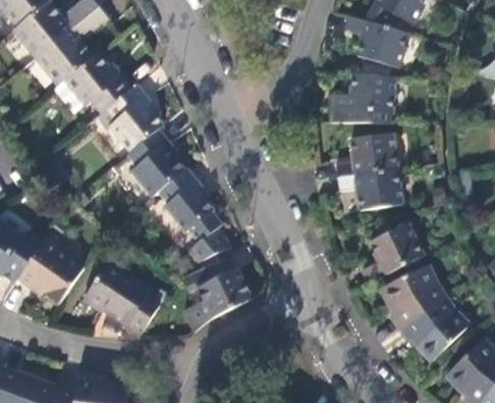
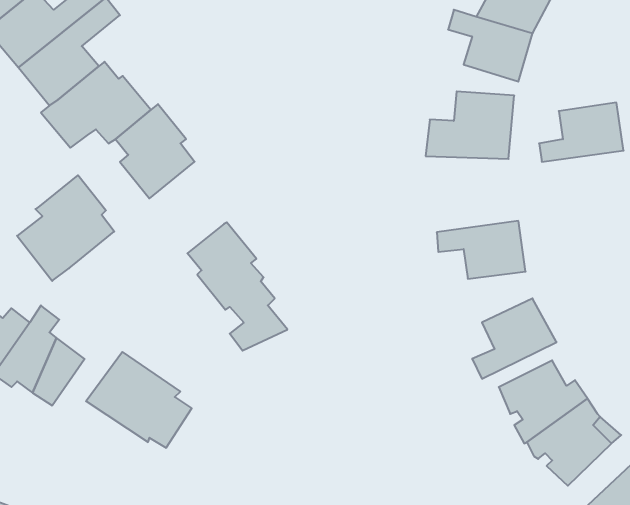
building: [113,130,183,206] -> [17,175,114,281]
building: [335,134,396,177] -> [539,103,624,162]
building: [181,256,252,332] -> none

